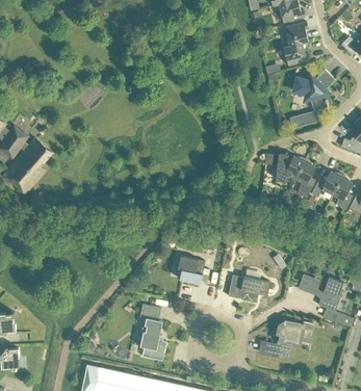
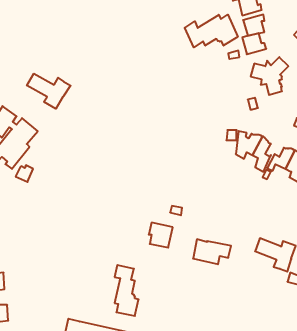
building: none -> [185,15,238,47]
building: none -> [27,74,71,109]
building: [260,321,312,359] -> none

